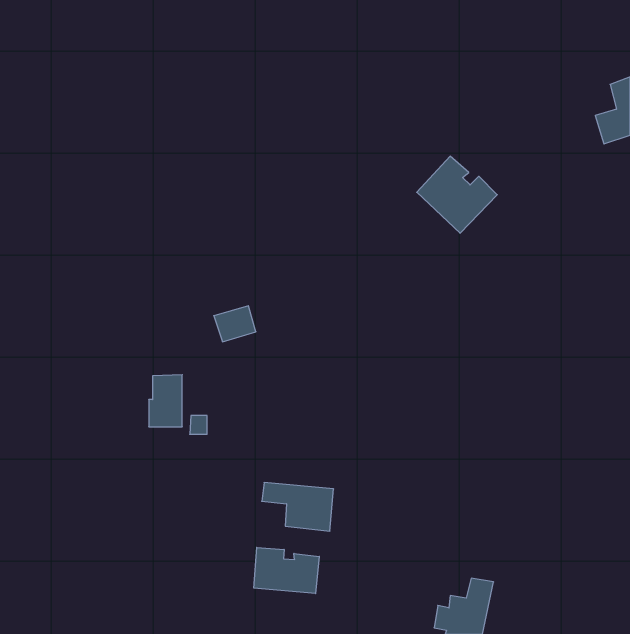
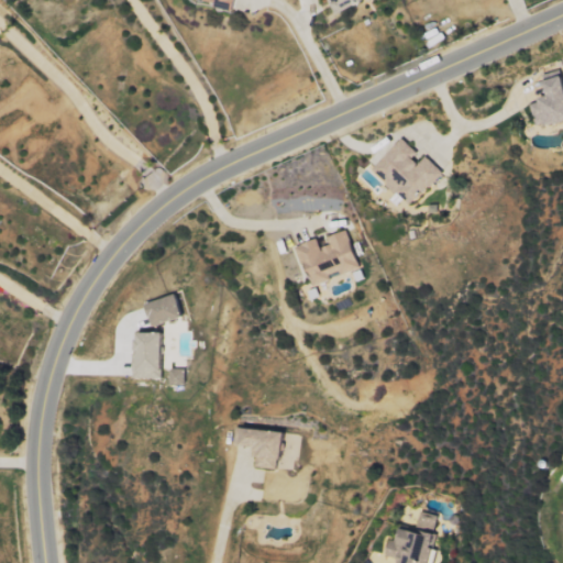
building: none -> [294,230,358,285]
building: [214,306,256,342] -> [143,295,180,327]
building: [254,547,319,594] -> none

